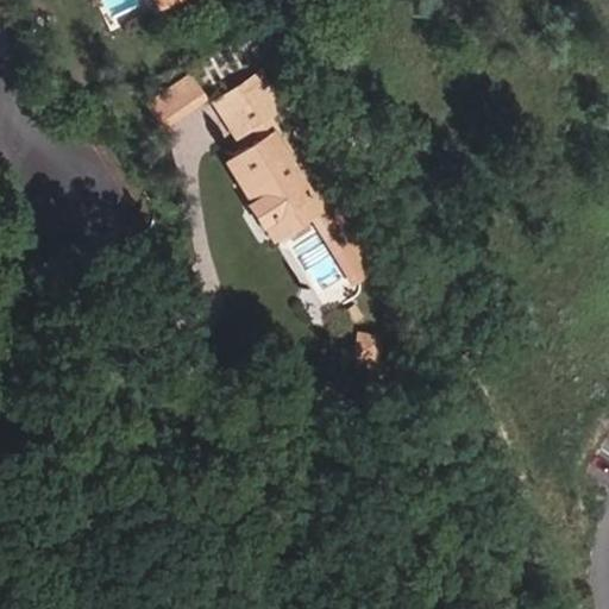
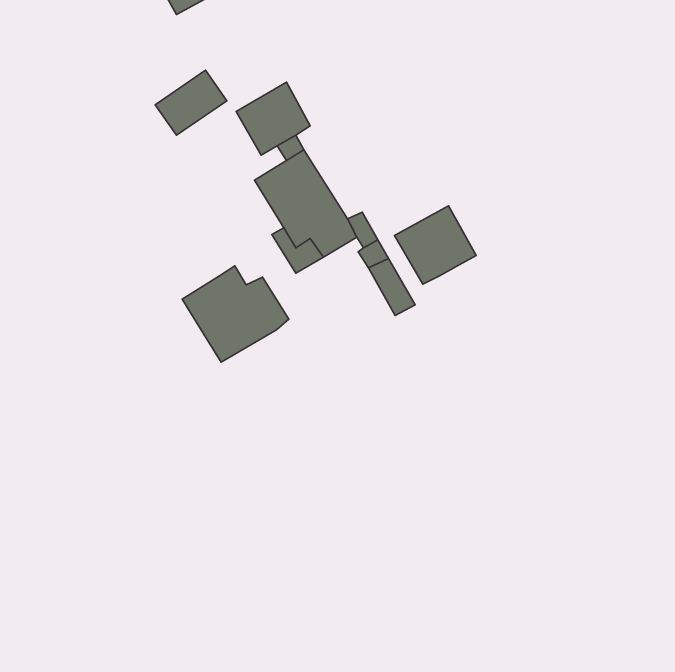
building: none -> [395,206,476,284]
building: none -> [182,266,289,362]

